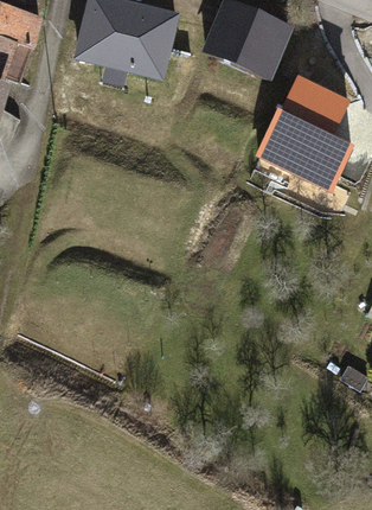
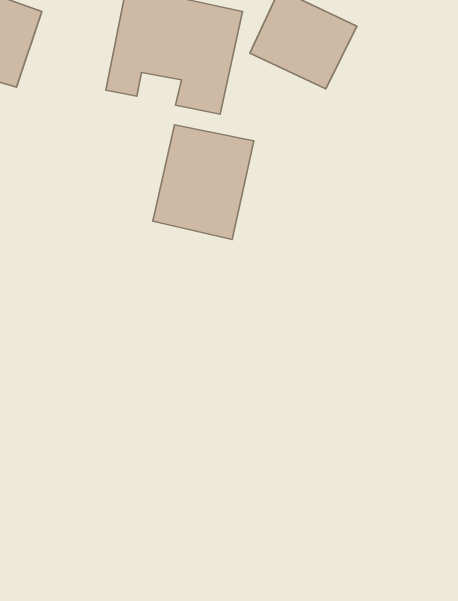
building: [258,71,357,187] -> none
building: none -> [153,125,254,240]

